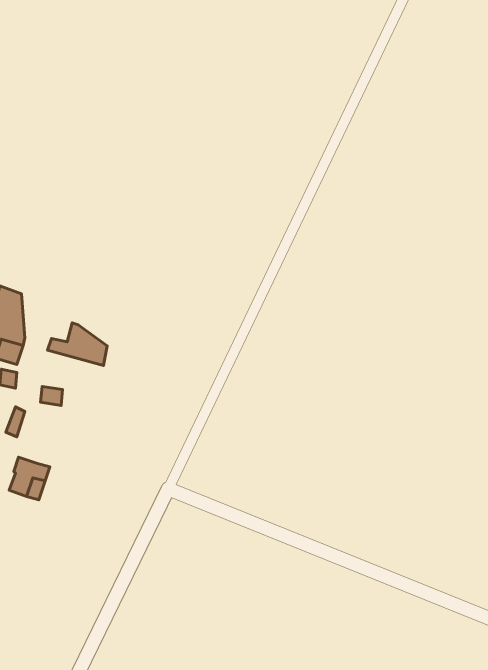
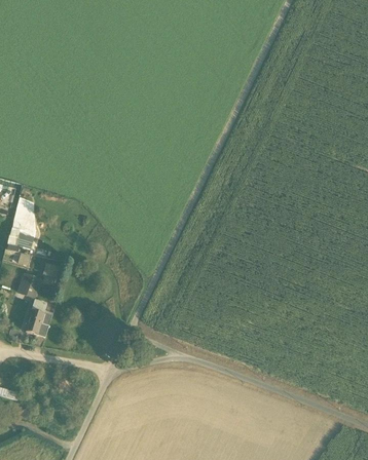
building: [48,323,107,365] -> none

